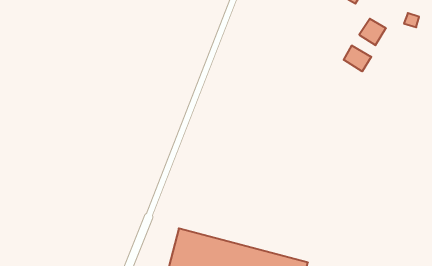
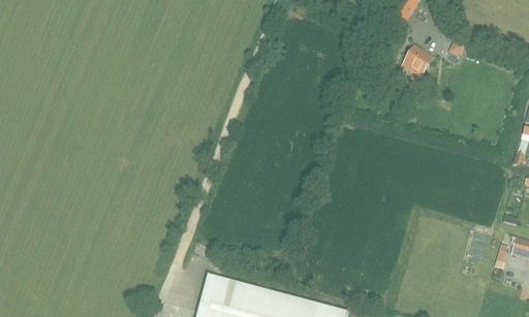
building: [344,45,371,71] -> none

